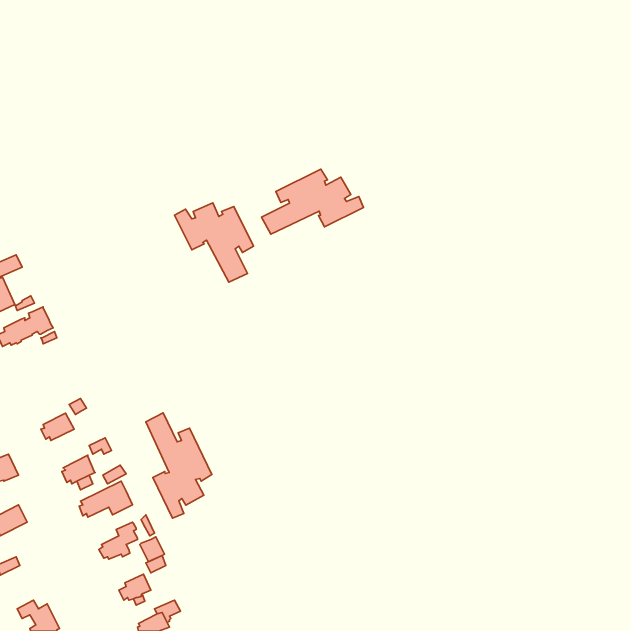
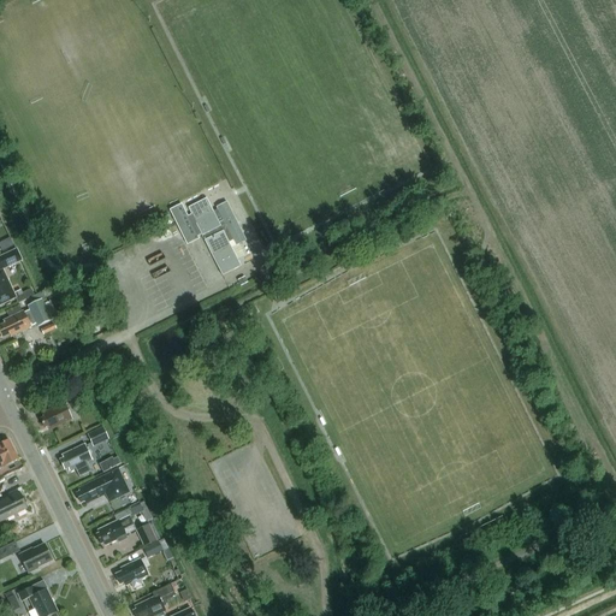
building: [262,169,364,234] -> none
building: [146,413,212,518] -> none
building: none -> [19,543,53,573]

